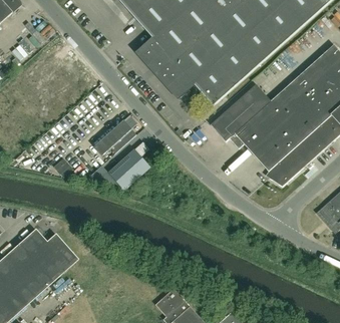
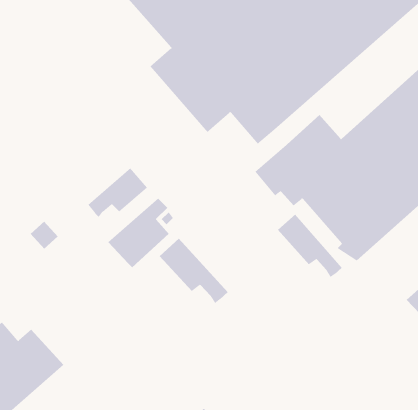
building: none -> [277,214,343,278]
building: none -> [159,238,228,304]

